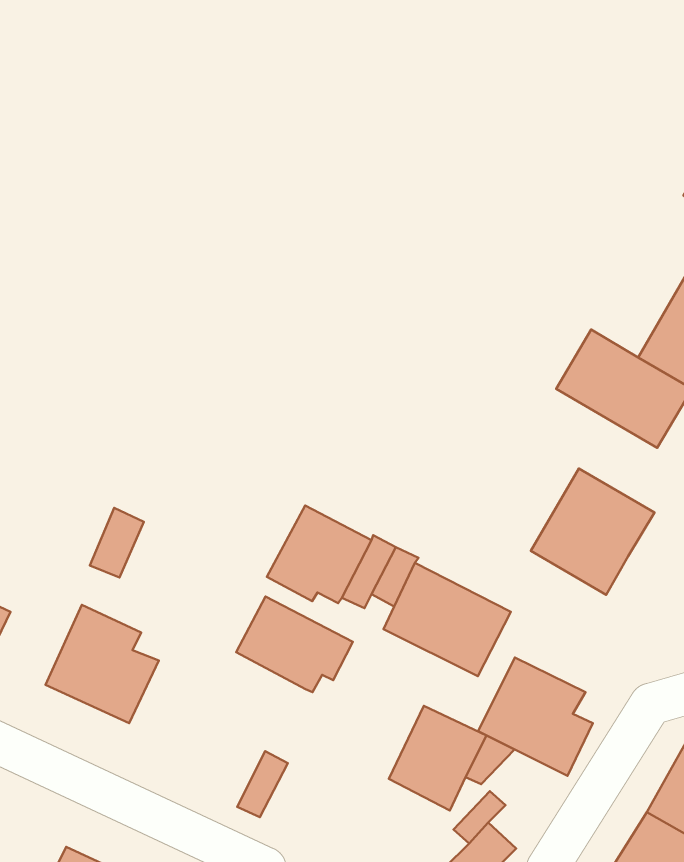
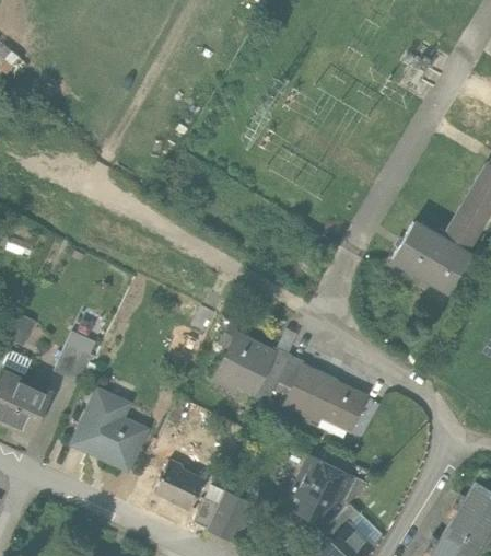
building: [531,469,654,595] -> none
building: [90,508,144,578] -> [59,333,93,377]
building: [236,596,353,692] -> none
building: [478,658,593,776] -> none
building: none -> [152,467,200,512]
building: none -> [208,493,249,540]

